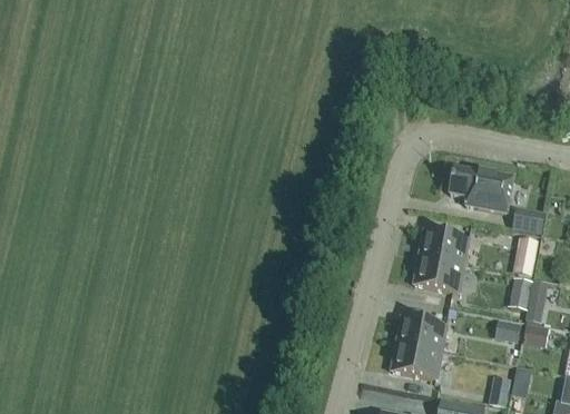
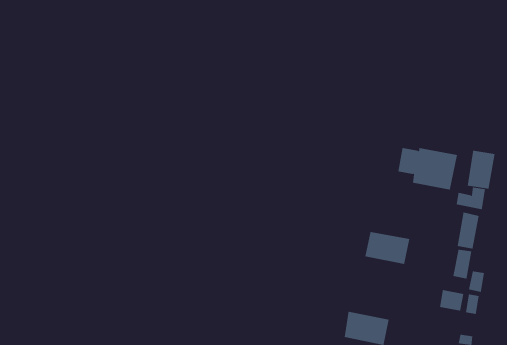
building: none -> [467,150,495,189]
building: [420,228,469,264] -> none
building: [396,314,446,351] -> none

